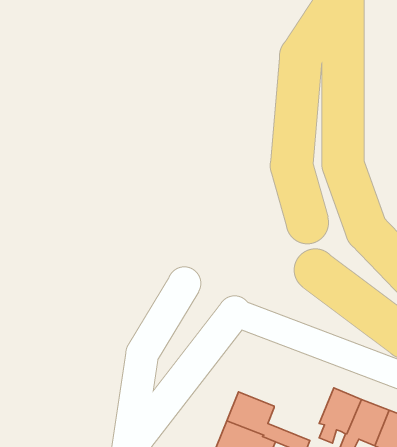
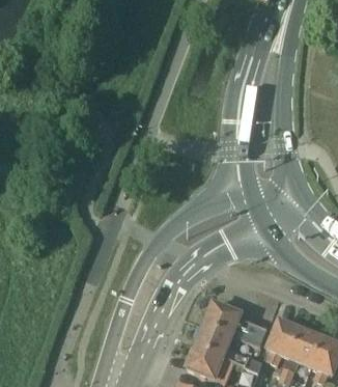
building: none -> [204,302,267,347]

